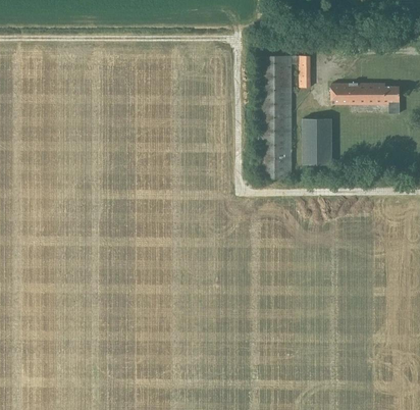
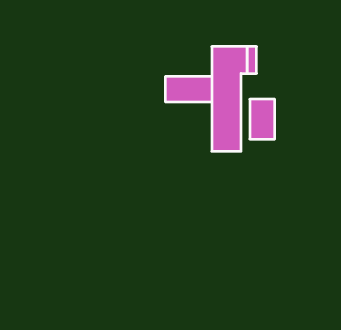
building: [331,84,400,104] -> none
building: none -> [166,76,212,102]

